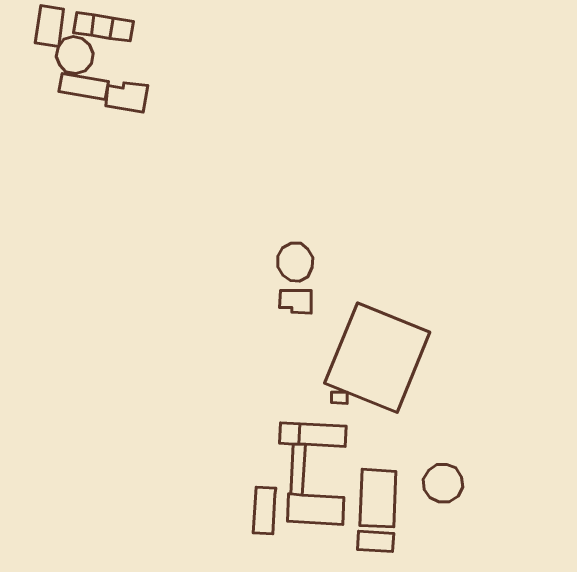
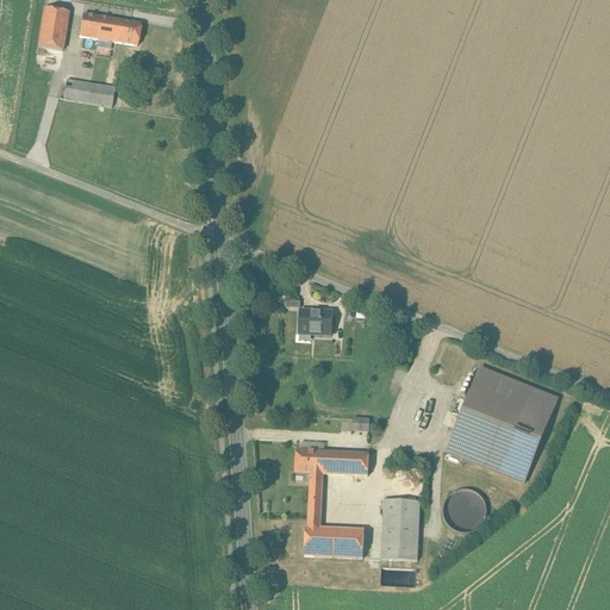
building: [56,36,93,74] -> none
building: [106,83,148,112] -> none
building: [278,243,313,281] -> none
building: [325,303,430,412] -> [449,366,560,481]
building: [253,487,276,534] -> none

